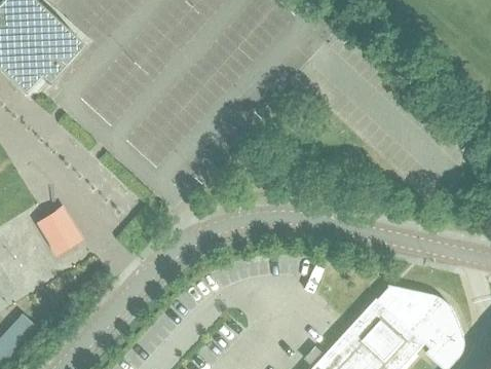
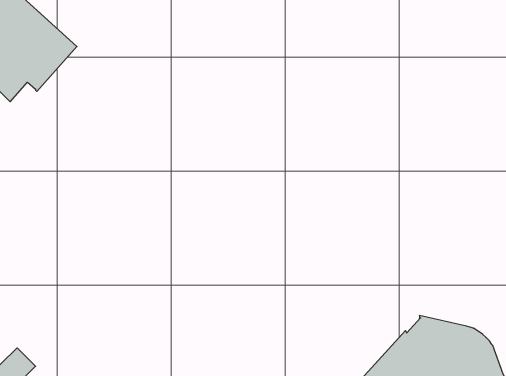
building: [38,202,89,256] -> none

